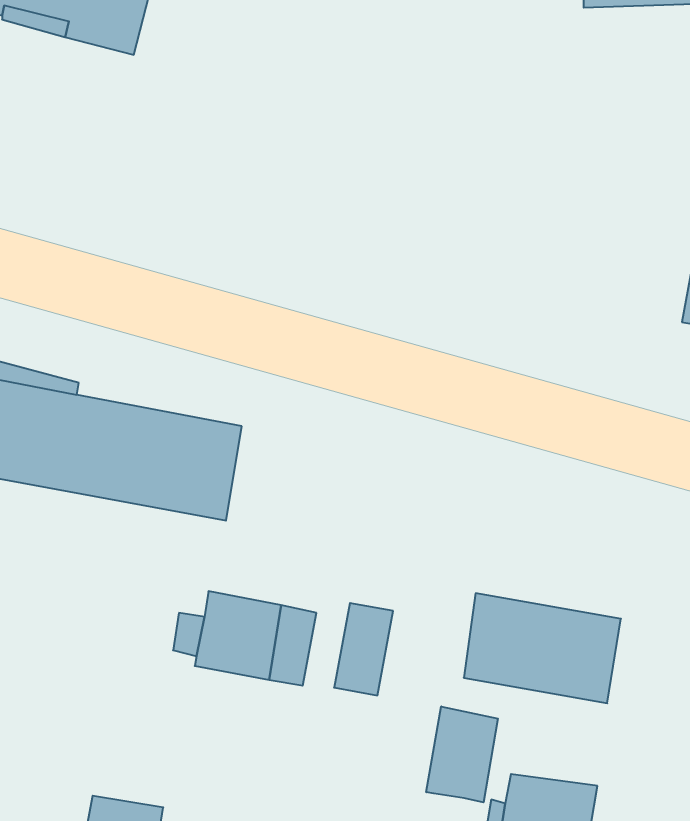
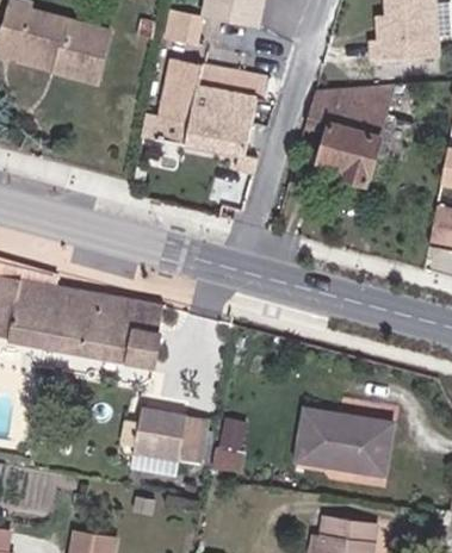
building: none -> [154,60,271,156]
building: none -> [307,85,395,184]
building: [426,706,498,802] -> none

